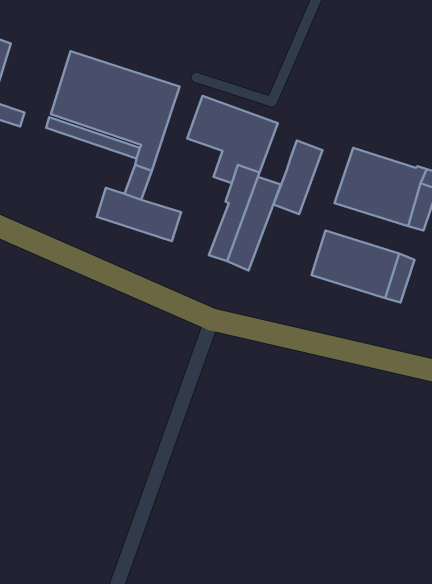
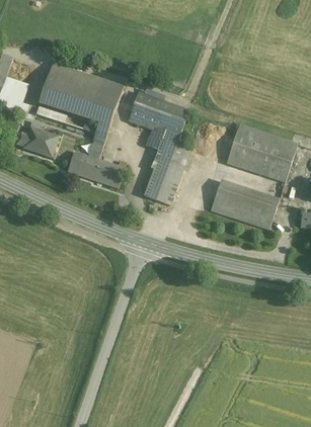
building: [273,140,323,214] -> none
building: none -> [16,126,59,156]

